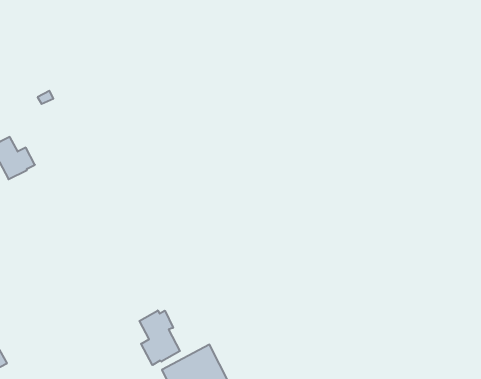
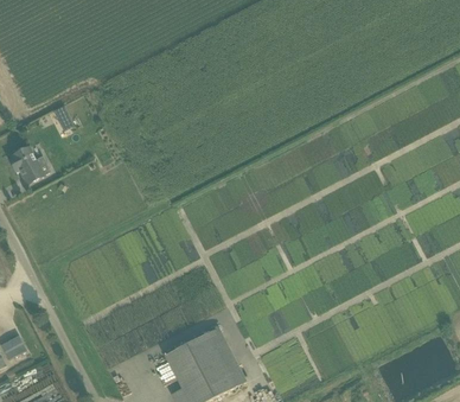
building: [139,310,180,365] -> none

